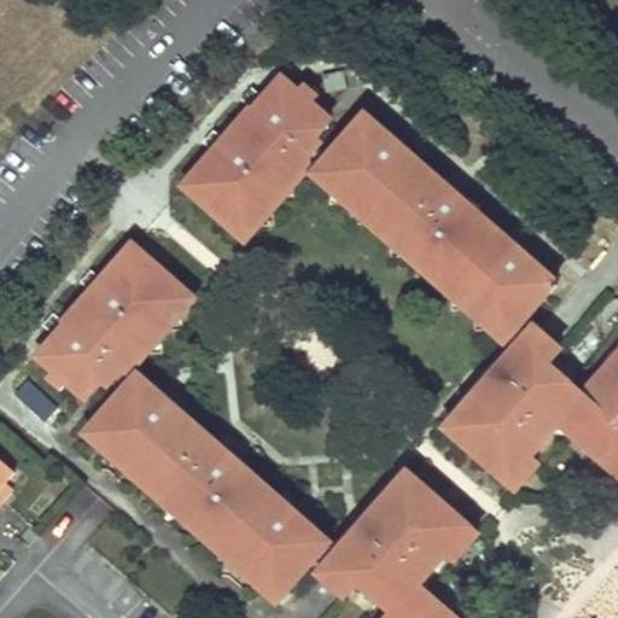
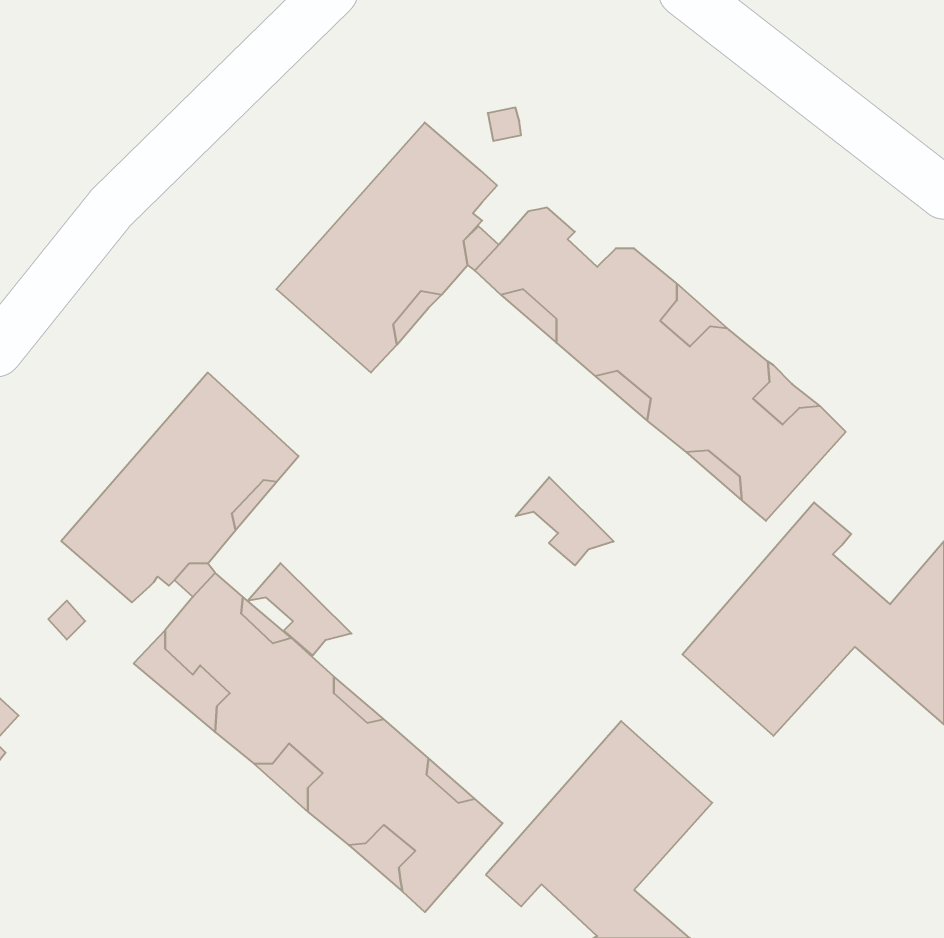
building: [344,116,413,174] -> none
building: none -> [516,477,614,565]
building: none -> [248,563,352,655]

